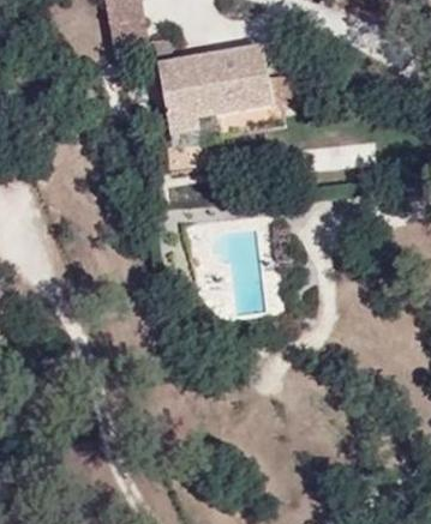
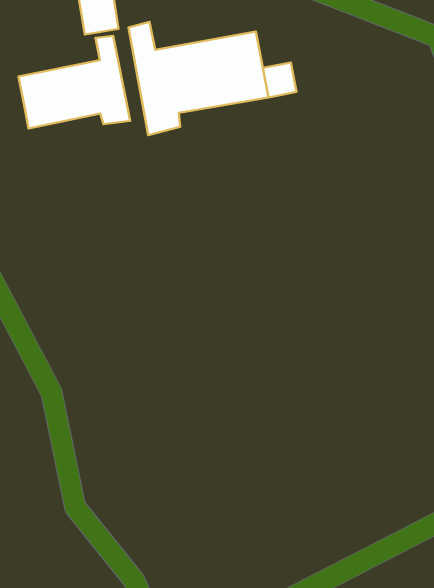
building: none -> [19,36,130,129]

